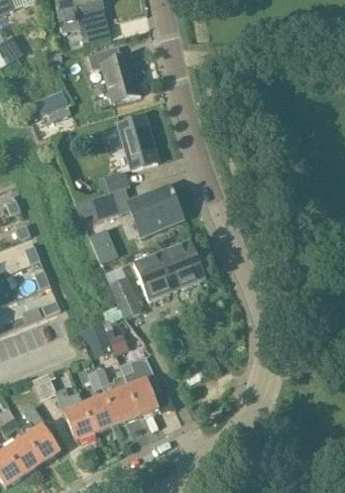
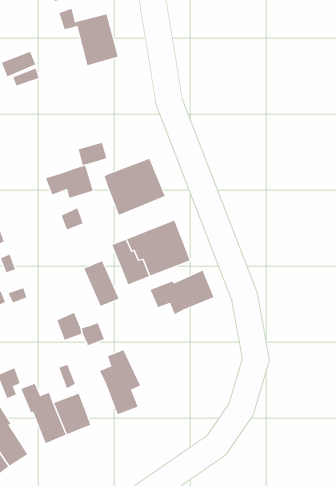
building: [118,115,157,168] -> none
building: none -> [150,270,214,315]
building: [95,366,139,423] -> none

